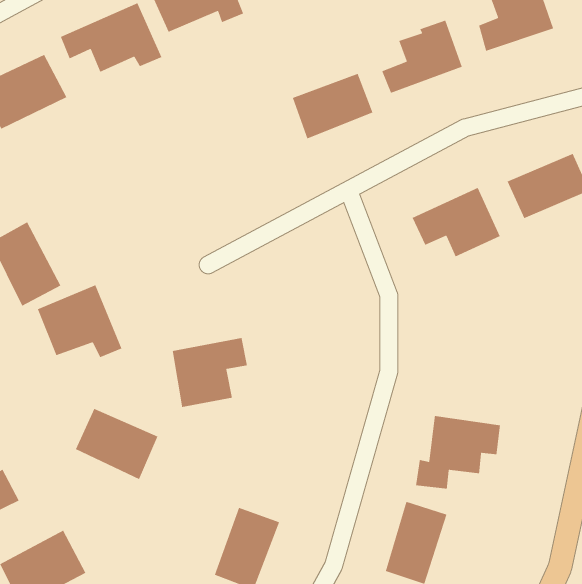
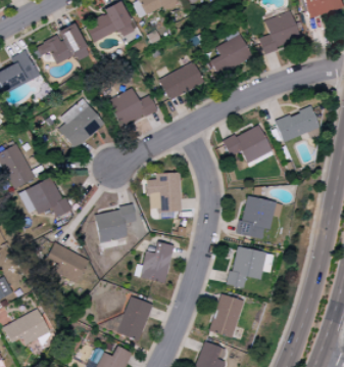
building: none -> [108,89,157,127]
building: none -> [58,98,105,149]
building: none -> [148,173,181,212]
building: none -> [238,196,282,239]
building: none -> [135,242,173,282]

